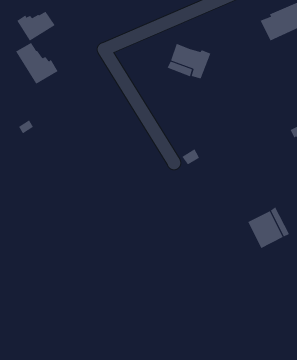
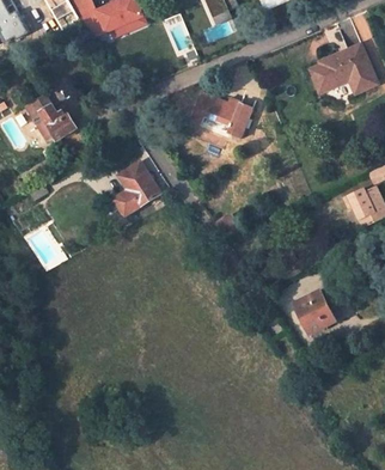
building: [16,11,55,41] -> none
building: none -> [112,161,159,215]

